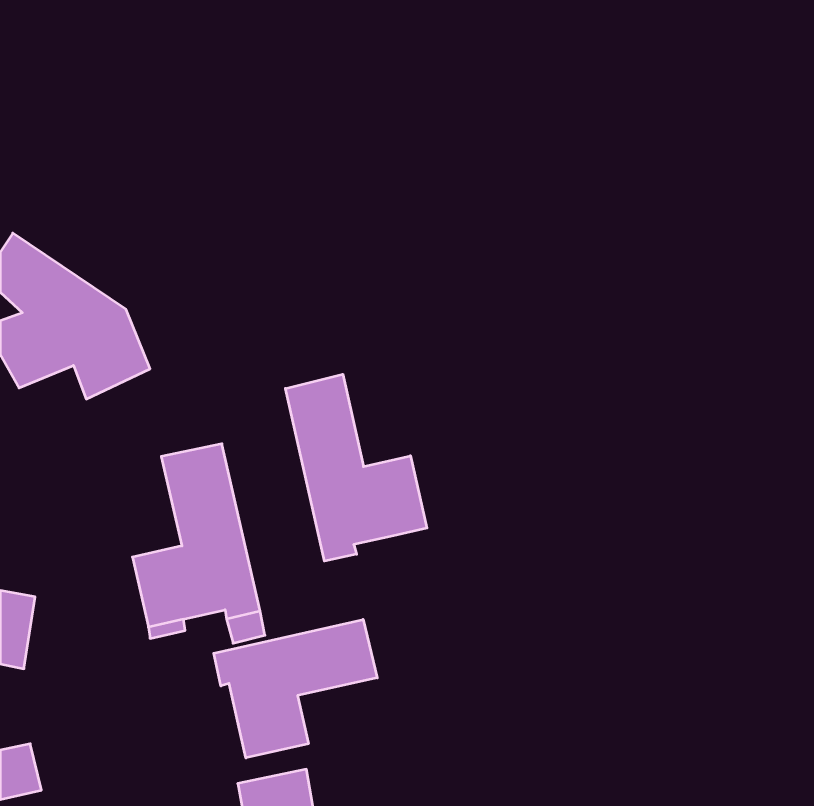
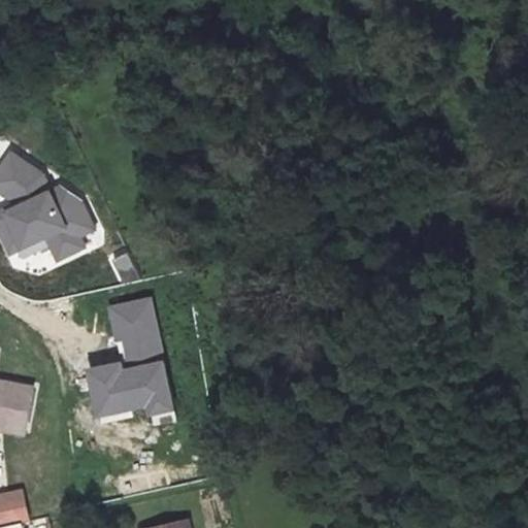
building: [285,374,427,561] -> none
building: [214,619,377,758] -> none

